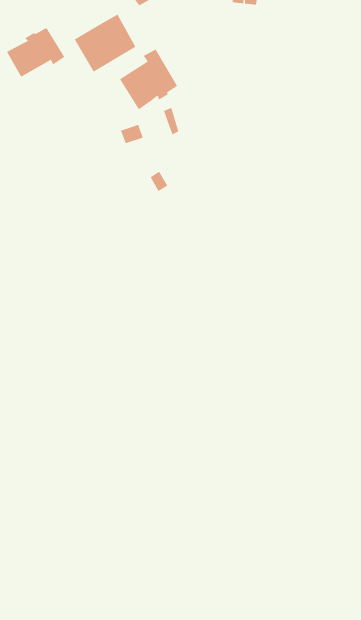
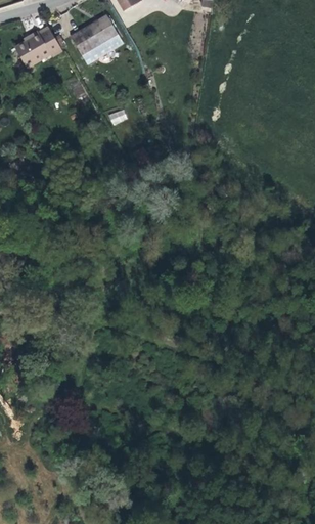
building: [119,49,178,110] -> none

